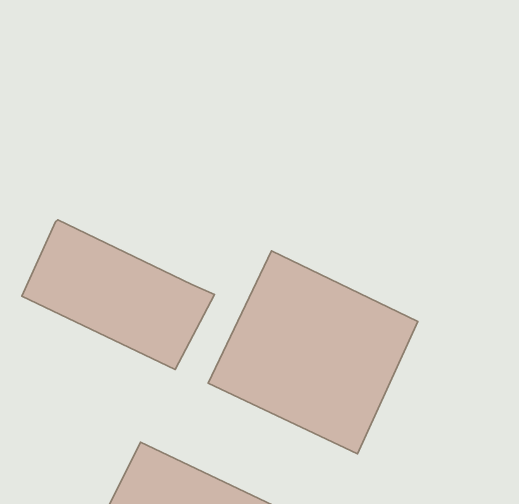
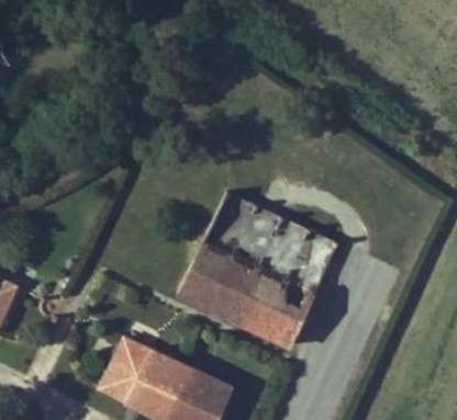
building: [22,220,214,370] -> none

